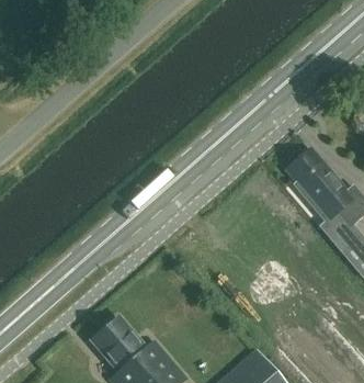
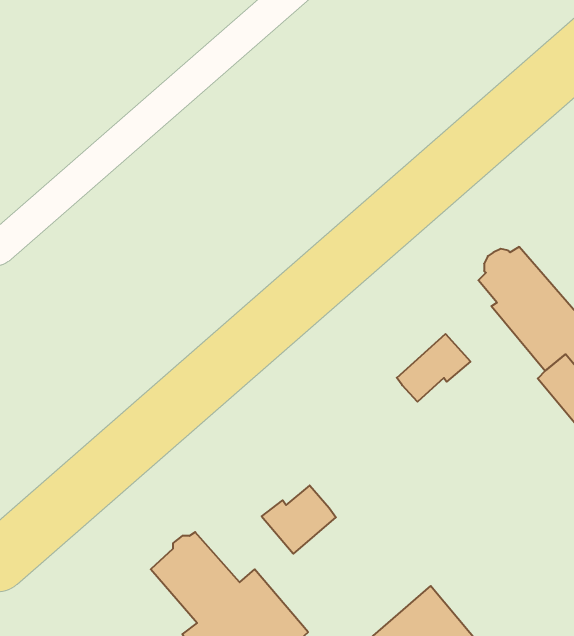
building: none -> [397,334,470,402]
building: none -> [262,485,336,554]

